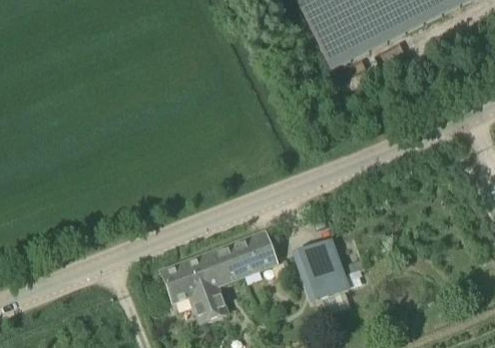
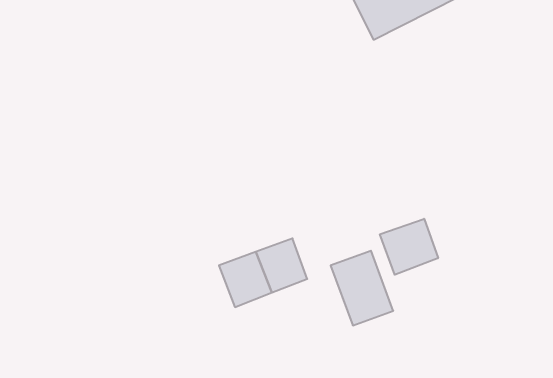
building: none -> [380,219,438,275]
building: [162,252,230,321] -> none

